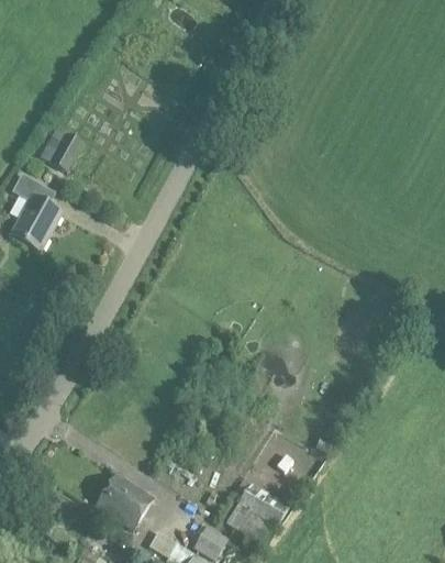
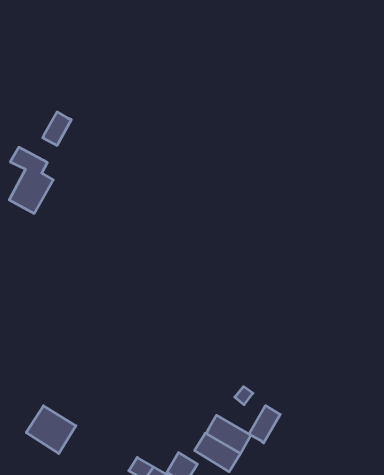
building: none -> [249,406,280,443]
building: [94,474,152,529] -> [26,406,76,454]

